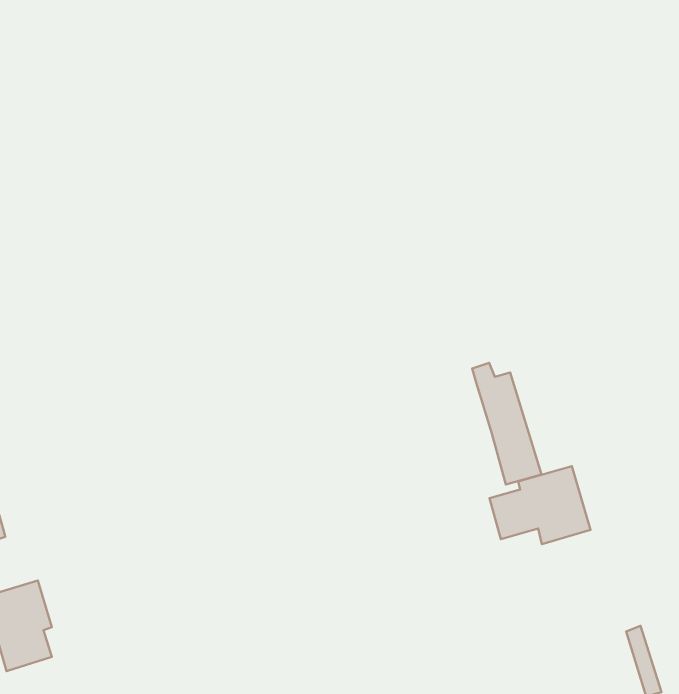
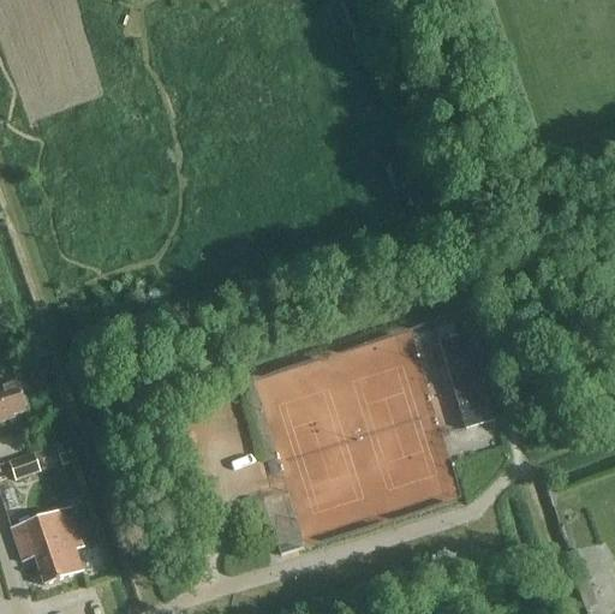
building: [489,466,590,544] -> none

